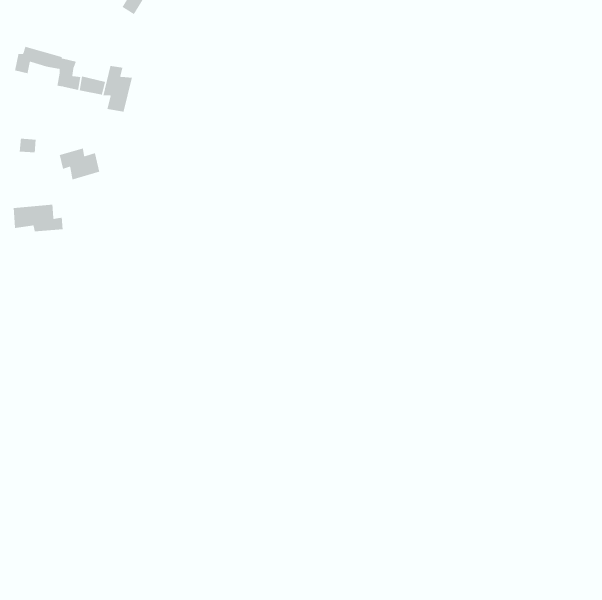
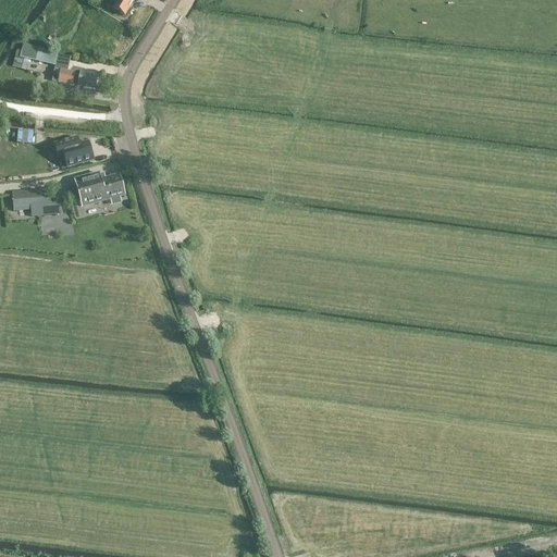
building: [103,65,133,113] -> none
building: none -> [75,172,124,205]

